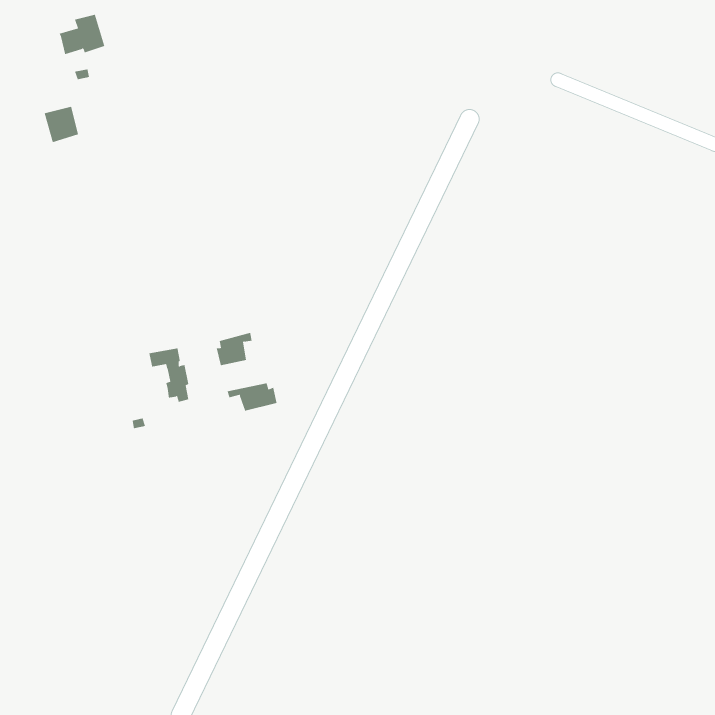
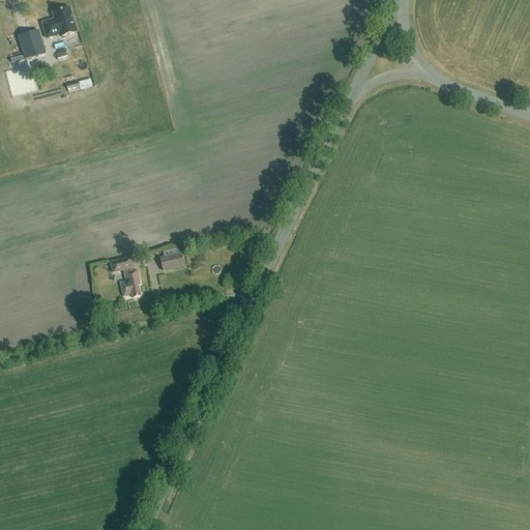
building: [44,106,79,143] -> [18,30,43,57]
building: [227,382,277,412] -> none

